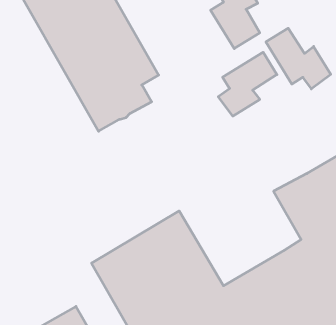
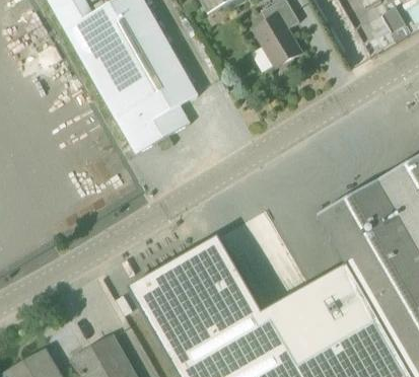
building: [266,28,331,89] -> none
building: [218,52,277,116] -> none

